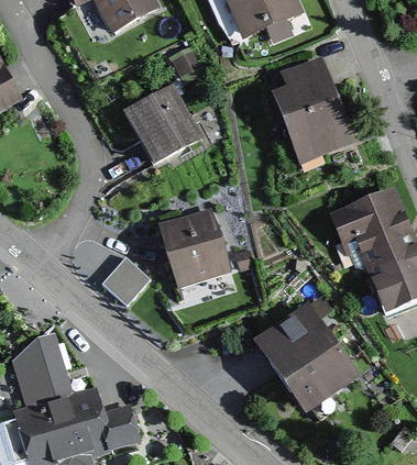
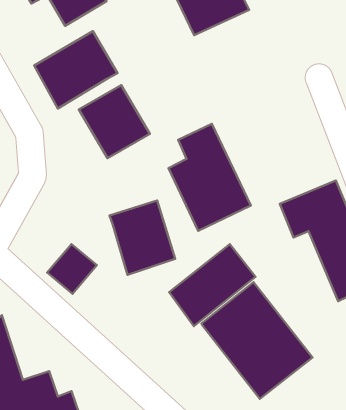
building: none -> [34,31,117,108]
building: [271,51,356,162] -> [168,124,251,231]
building: none -> [169,244,256,326]

